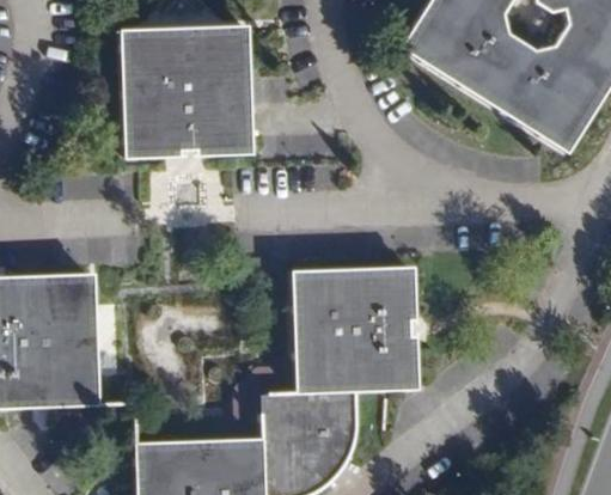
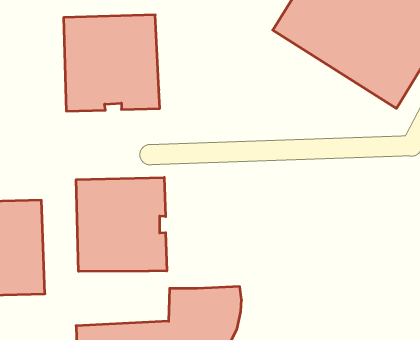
building: none -> [76,177,167,271]
building: [297,271,415,393] -> none

